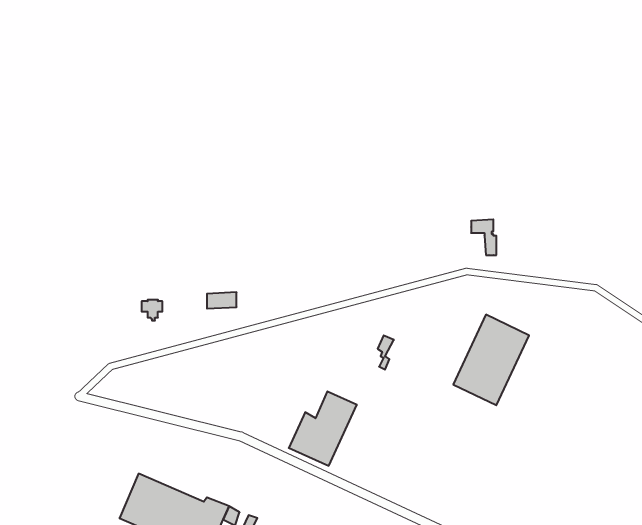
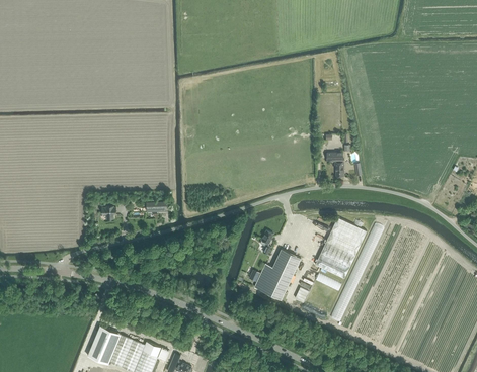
building: [289,391,357,466] -> [254,250,301,300]

